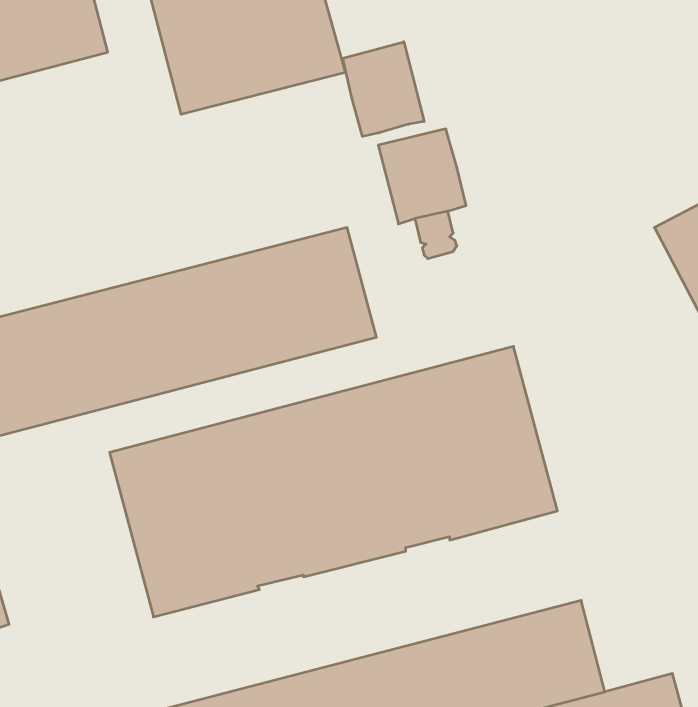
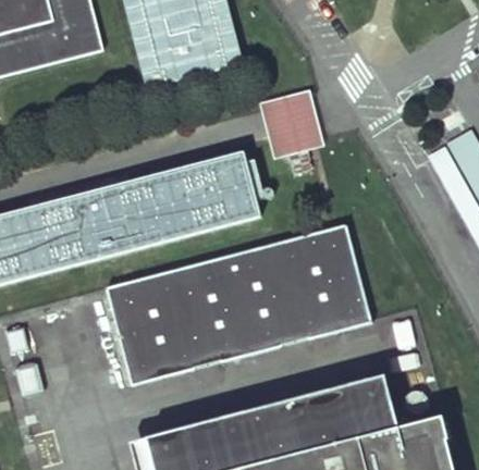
building: [343,42,424,136] -> none

